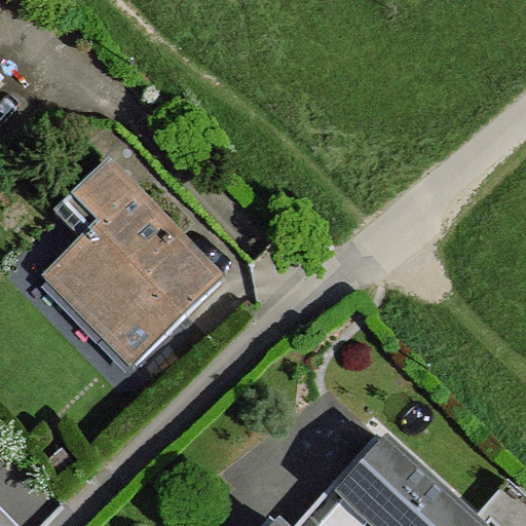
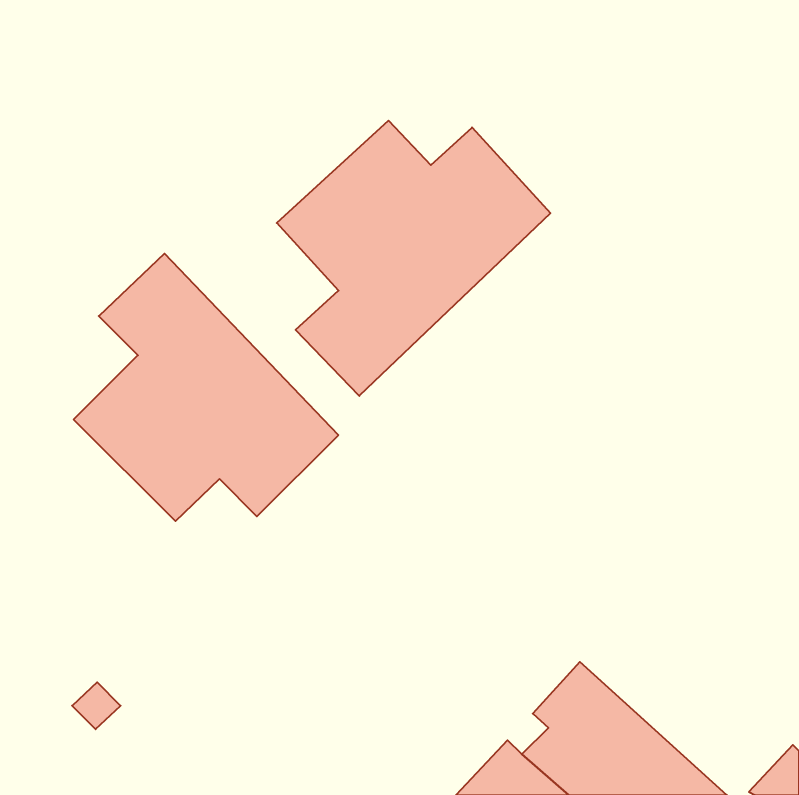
building: none -> [277,121,550,396]

